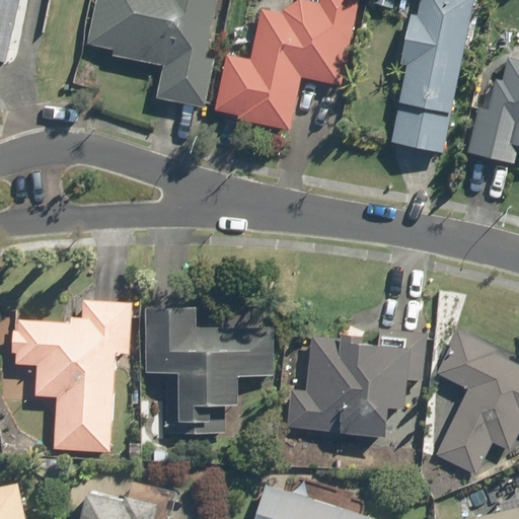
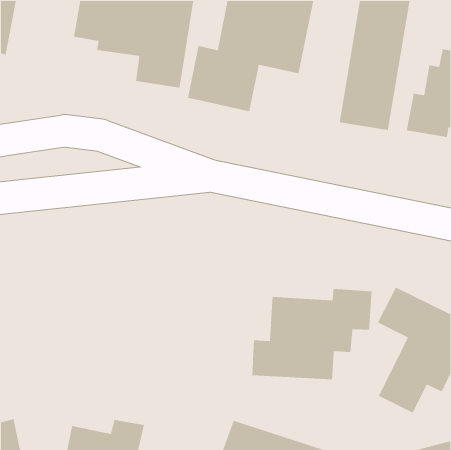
building: [9,301,131,452] -> none
building: [147,307,273,421] -> none

